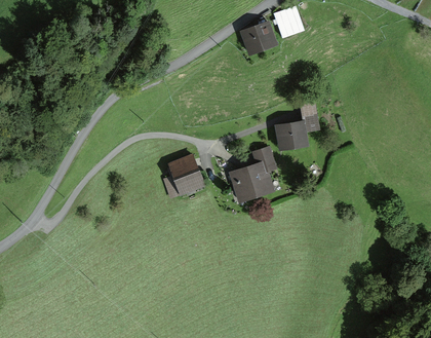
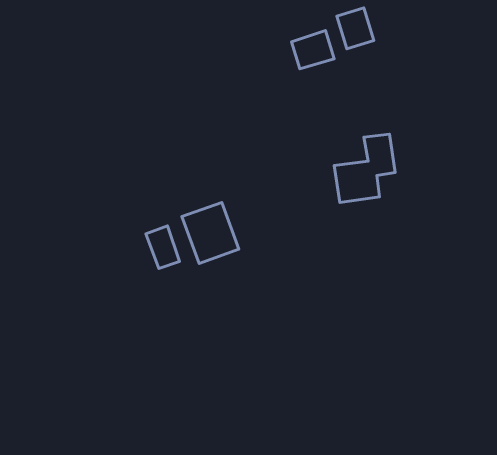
building: [229,144,275,202] -> none
building: none -> [146,226,180,269]

